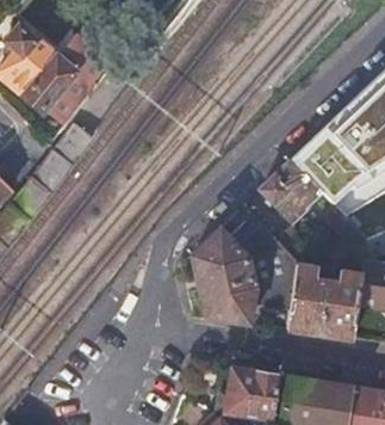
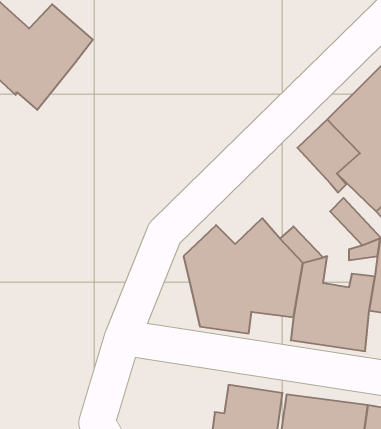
building: [263,159,322,212] -> none

